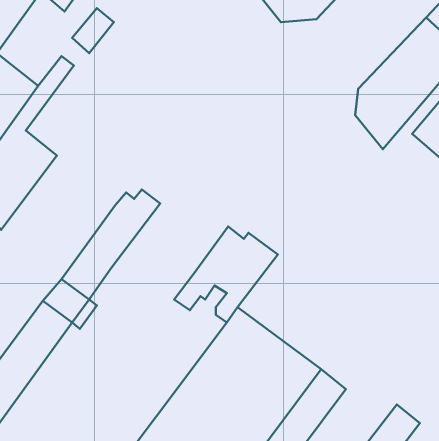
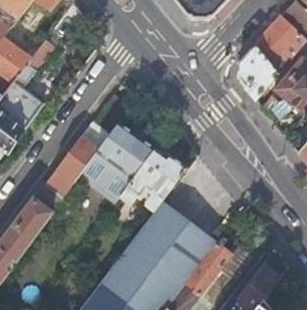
building: none -> [78,121,155,203]

